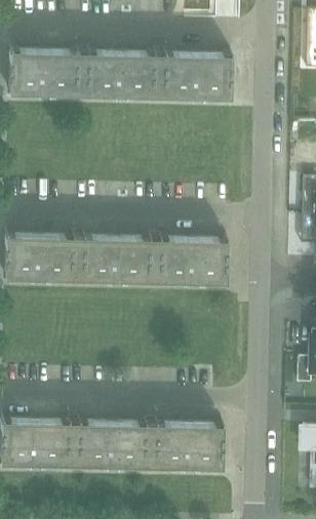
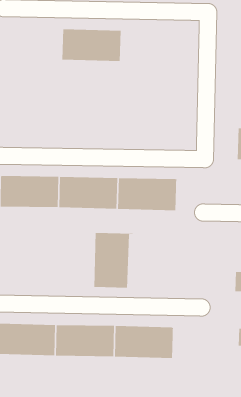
building: [7,47,81,92] -> none
building: [154,52,229,96] -> none
building: none -> [94,232,133,288]

